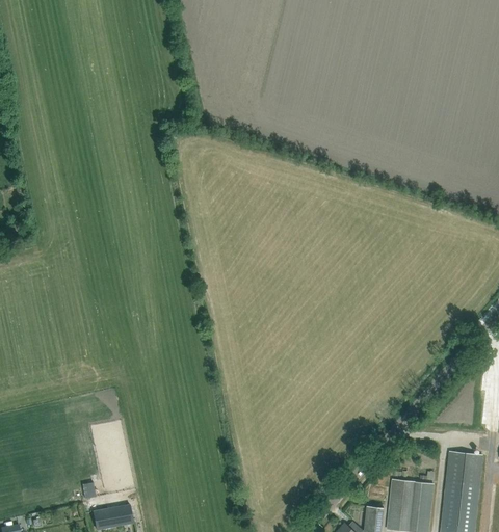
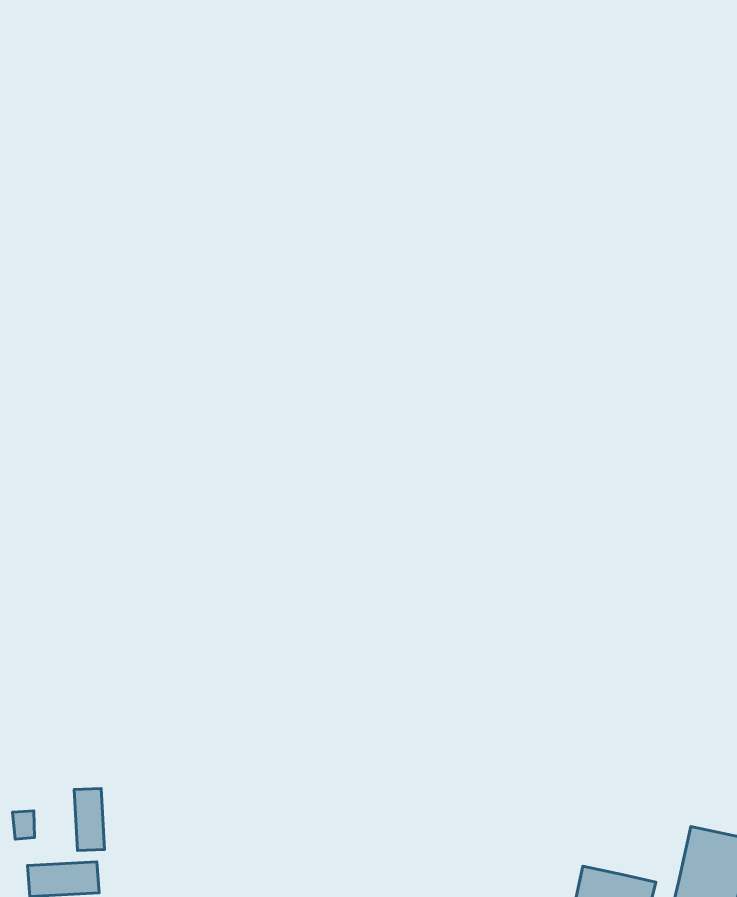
building: none -> [74,789,105,851]

